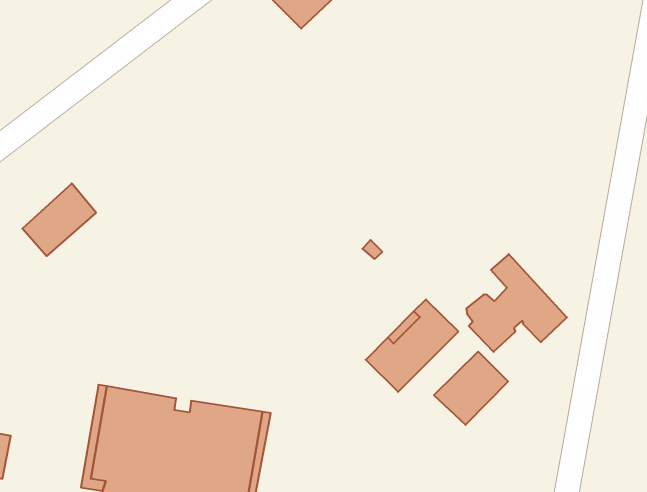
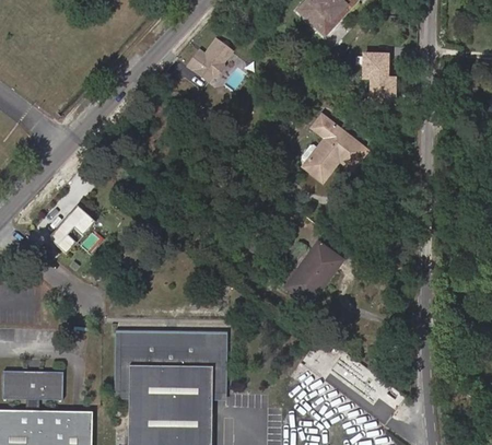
building: none -> [359,49,394,95]
building: [466,254,567,352] -> [300,117,365,181]
building: [434,352,508,425] -> none

